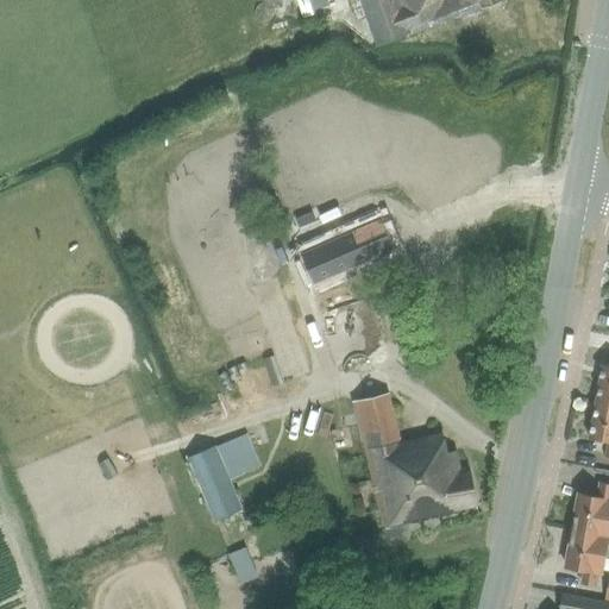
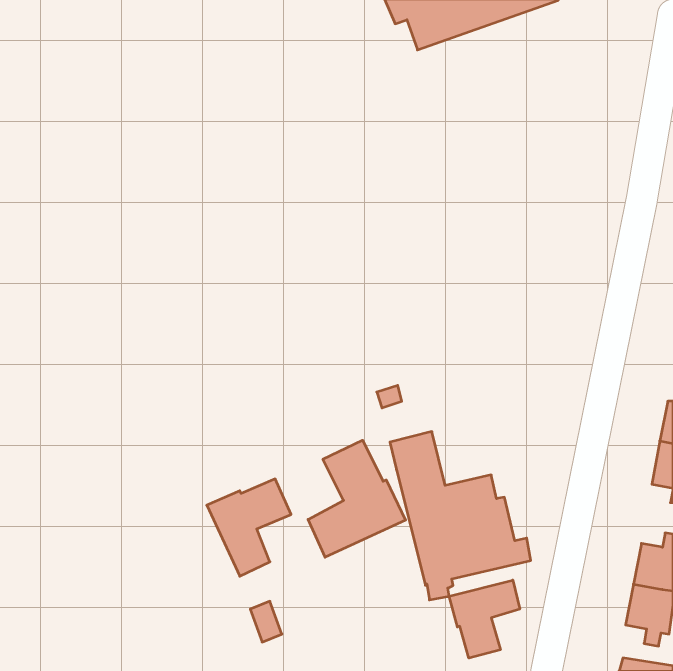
building: [301,216,396,284] -> none
building: none -> [308,440,406,557]
building: none -> [449,580,520,658]

